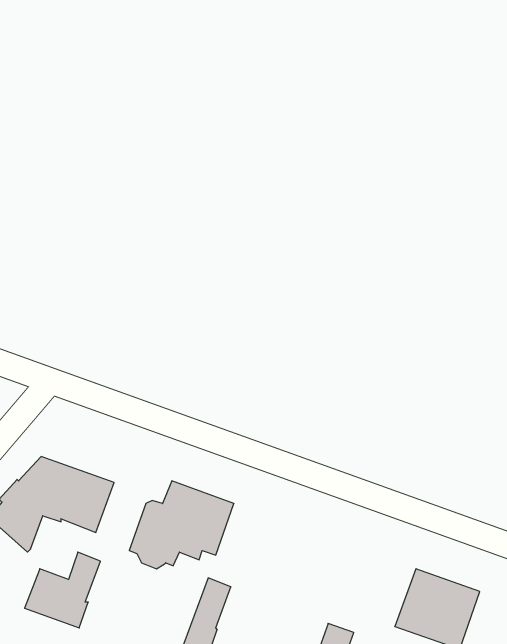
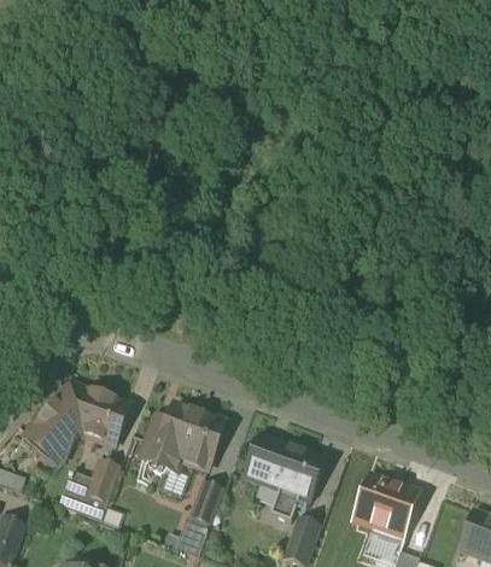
building: none -> [244,433,326,520]

